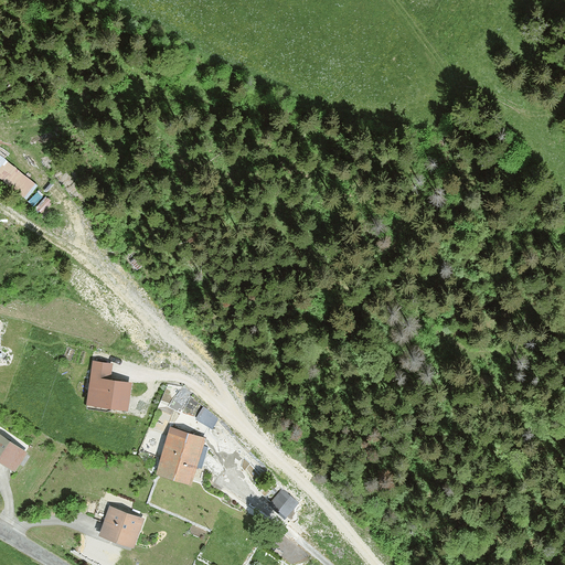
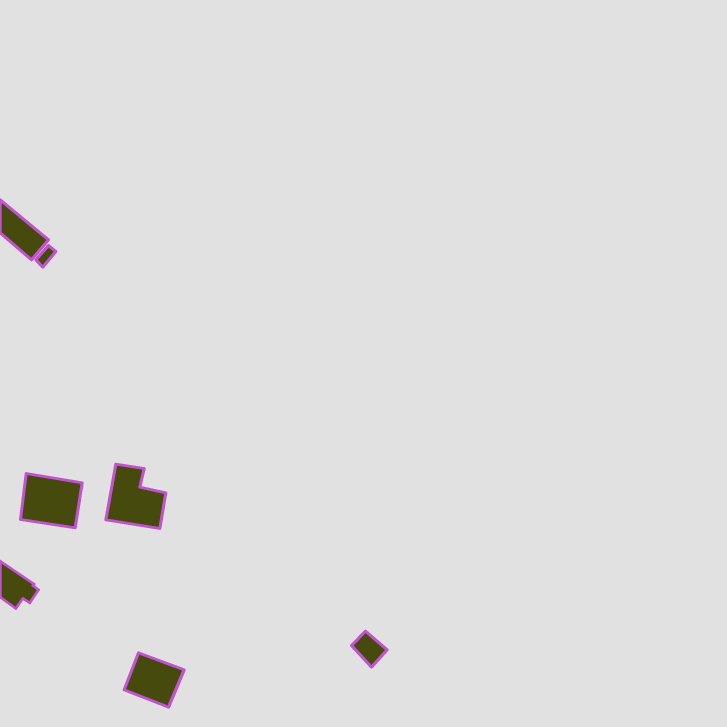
building: none -> [20,473,82,528]
building: [154,427,205,486] -> none

